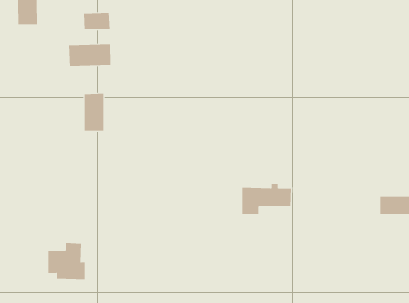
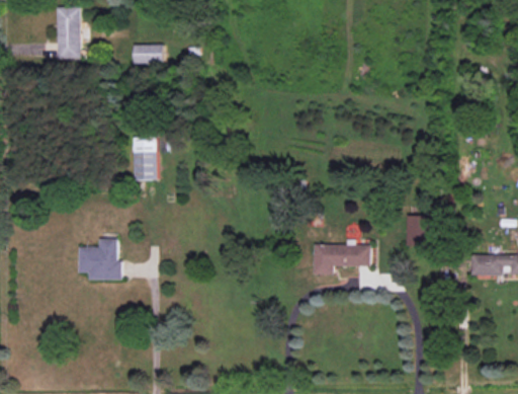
building: [68,43,111,67] -> none
building: none -> [408,216,430,245]
building: [47,242,86,280] -> [79,238,122,281]

